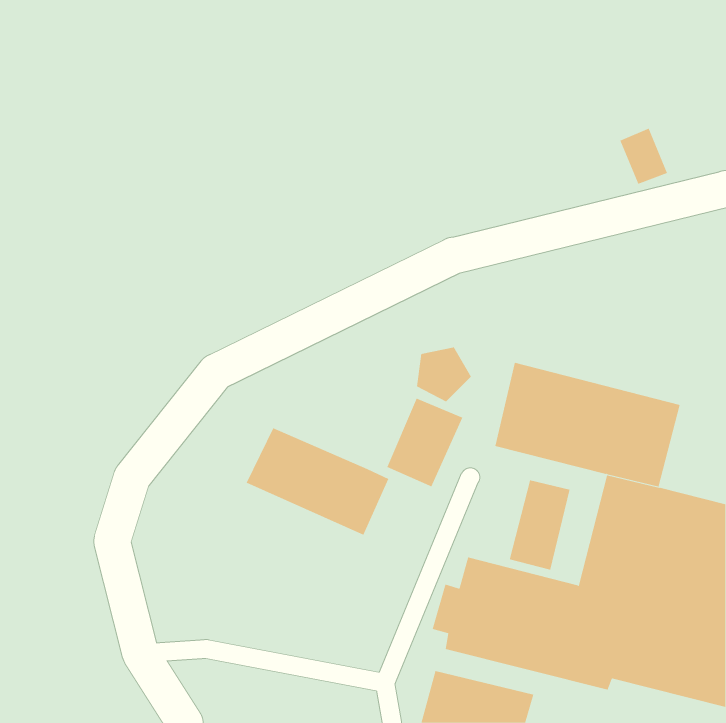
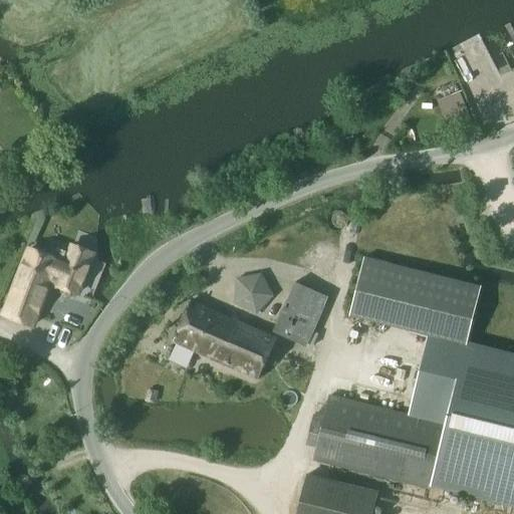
building: none -> [4,245,93,325]
building: [416,347,472,402] -> [234,274,273,313]
building: [509,479,570,571] -> none

